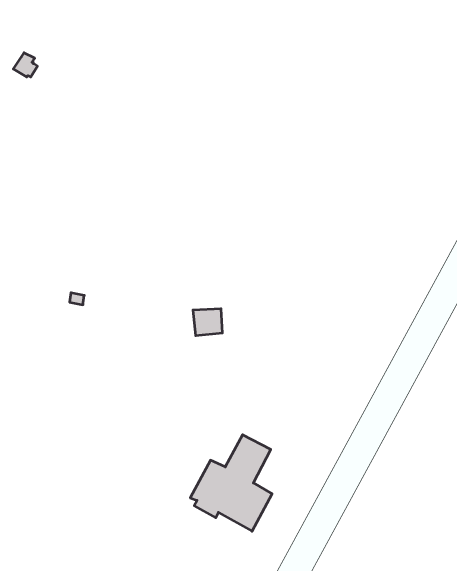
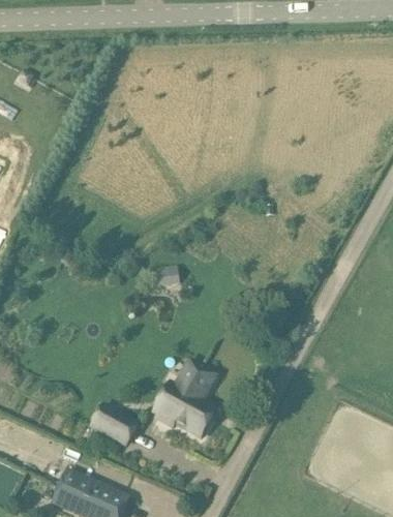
building: none -> [91,405,137,445]

